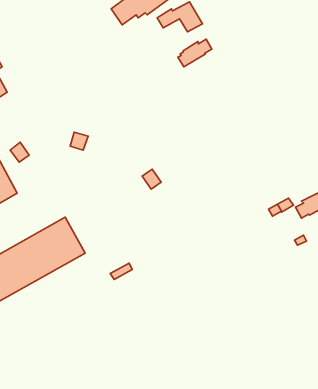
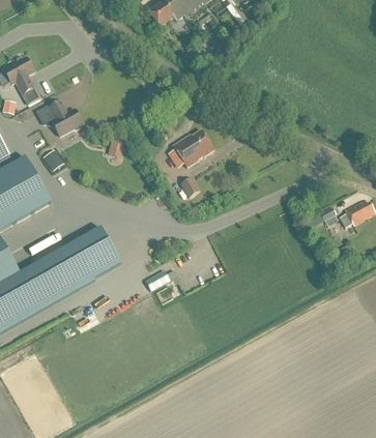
building: [178,39,212,67] -> none
building: none -> [50,99,83,135]
building: none -> [173,128,214,166]

